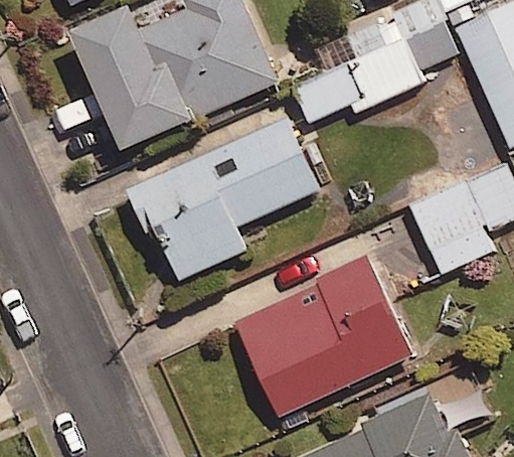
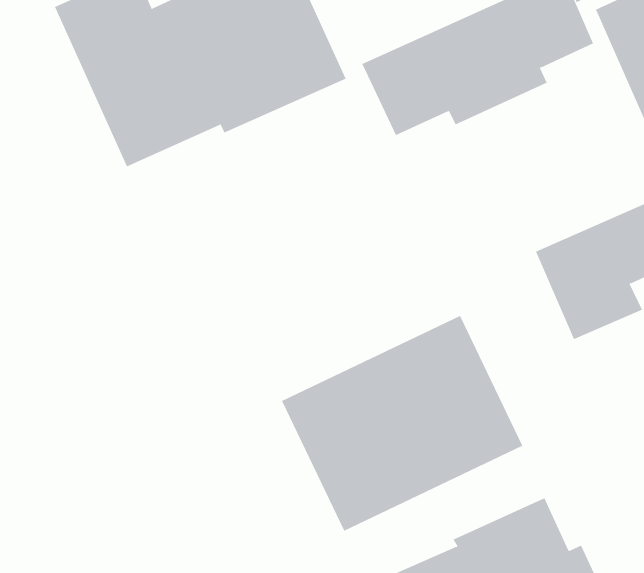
building: [126,119,319,282] -> none

